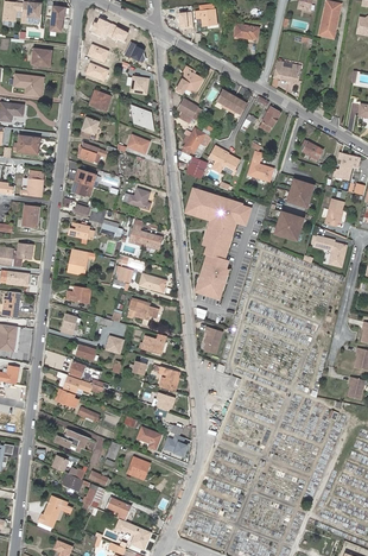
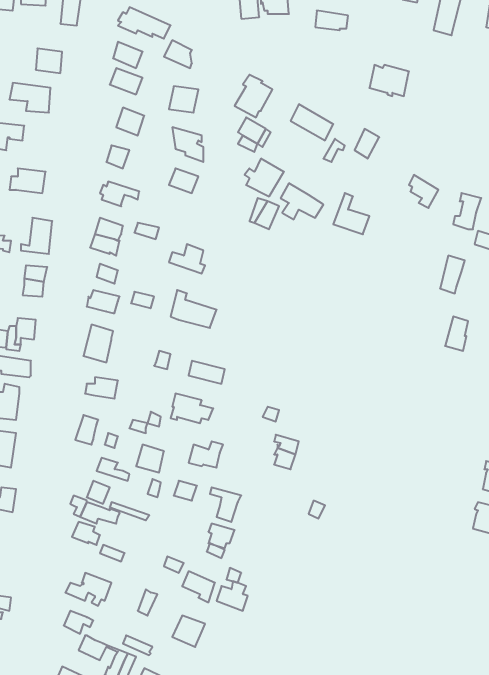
building: [284,179,313,208] -> none
building: [186,189,240,299] -> none
building: [274,213,303,241] -> none

